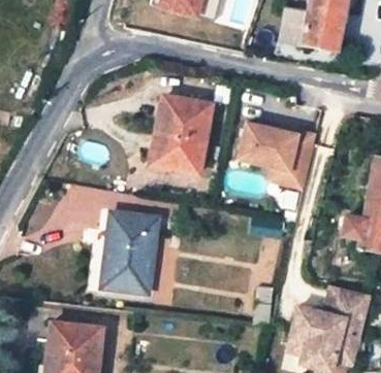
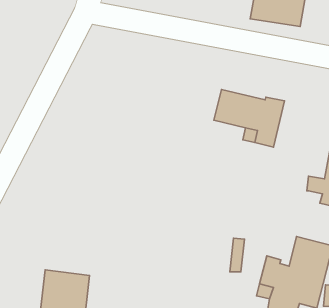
building: [153,97,211,174] -> none
building: [101,212,158,294] -> none

